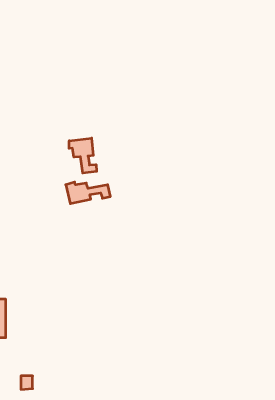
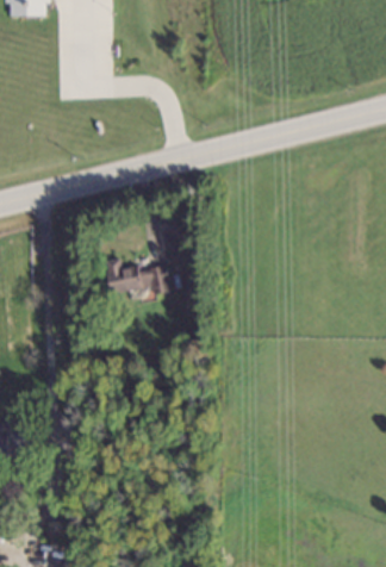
building: [69,138,97,173] -> none

